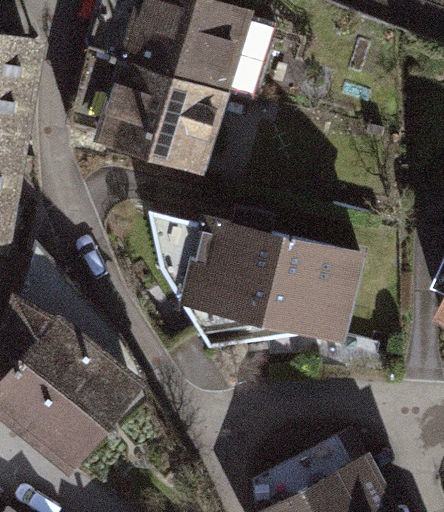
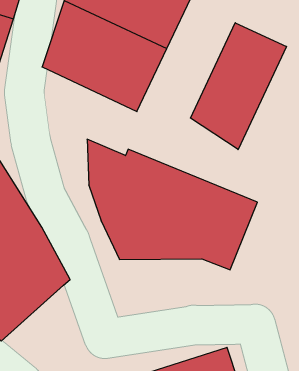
building: none -> [191,23,286,150]

